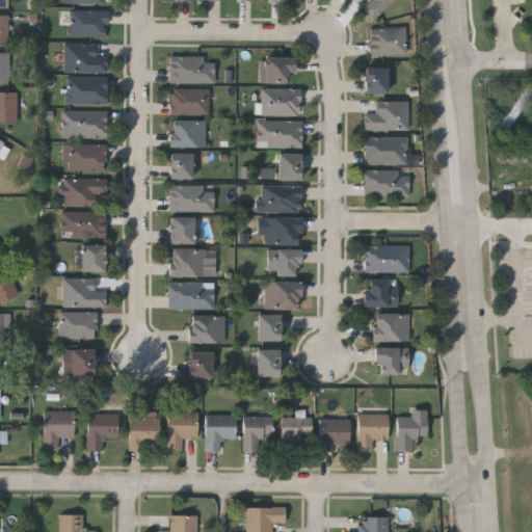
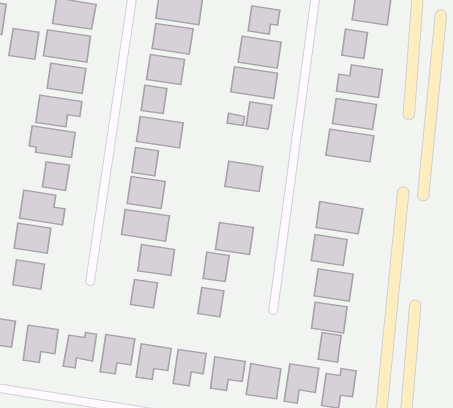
building: none -> [9,28,39,59]
building: [256,185,301,211] -> none
building: [267,249,300,275] -> none
building: none -> [318,333,341,362]

